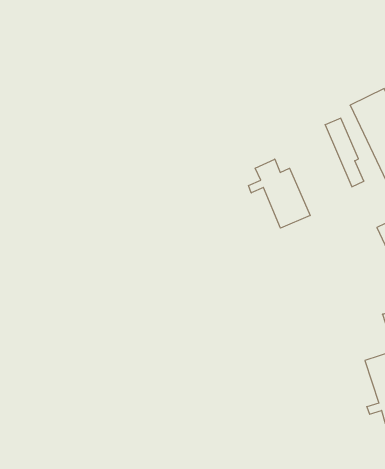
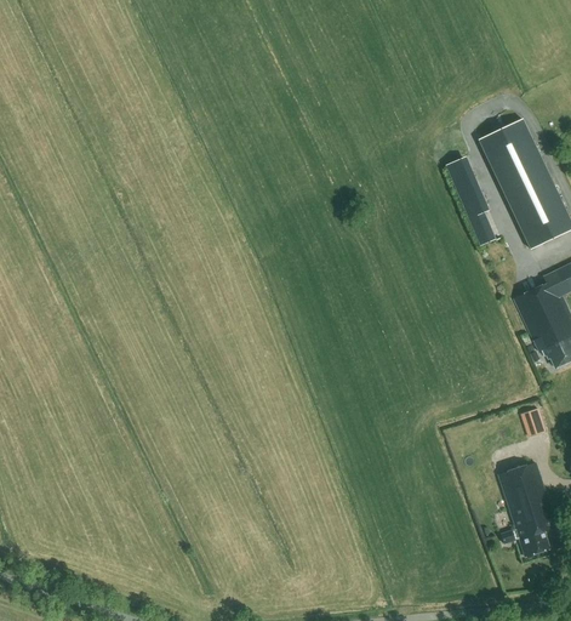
building: [249,159,310,228] -> none

